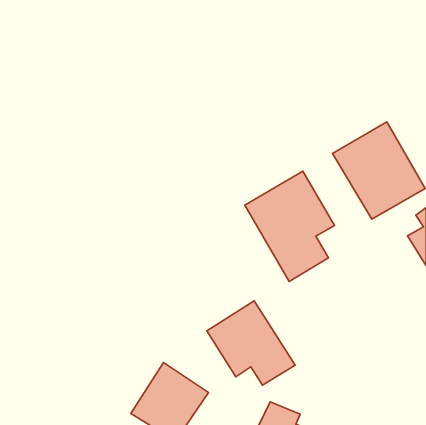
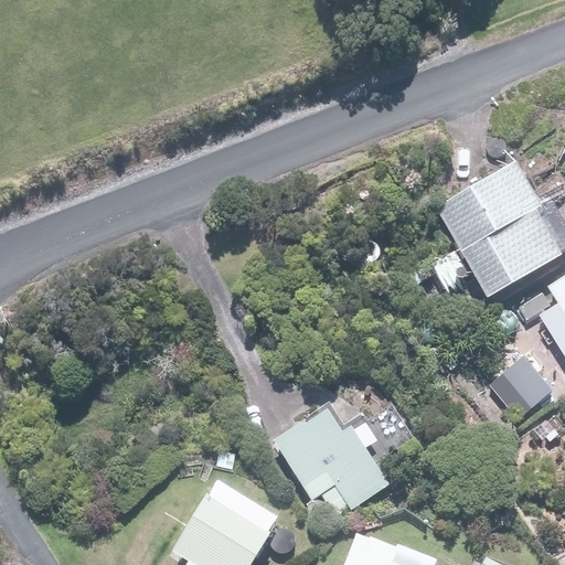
building: [245,171,335,282] -> none
building: none -> [492,359,553,419]

